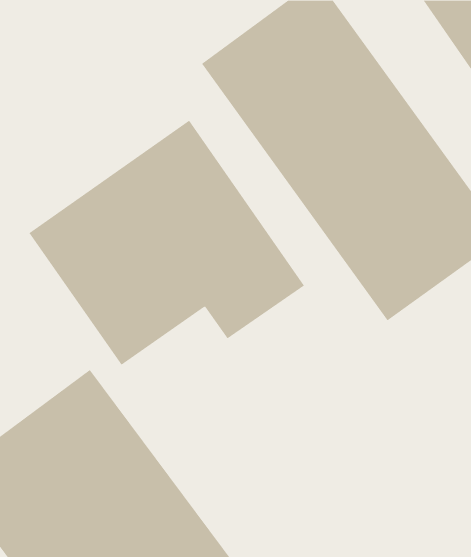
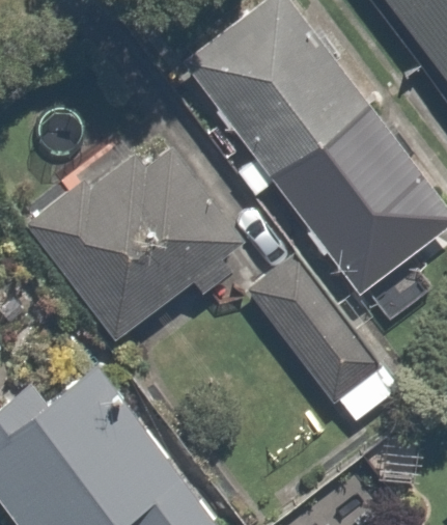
building: none -> [254,256,407,431]

